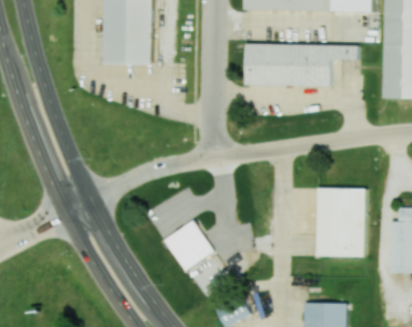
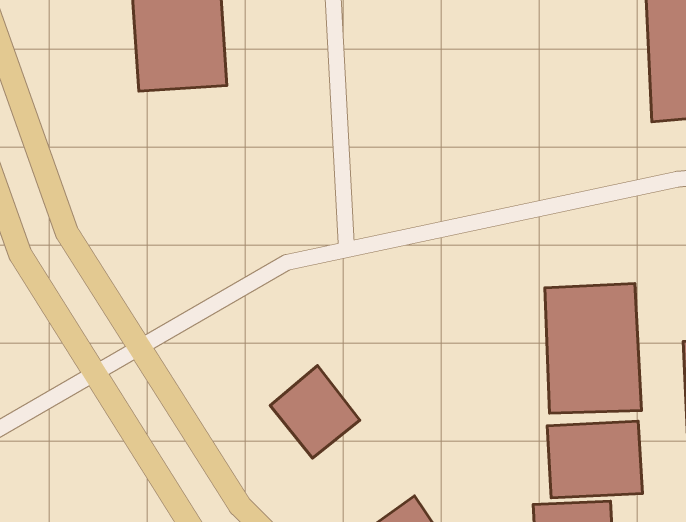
building: [243,43,357,86] -> none
building: none -> [547,421,642,498]

